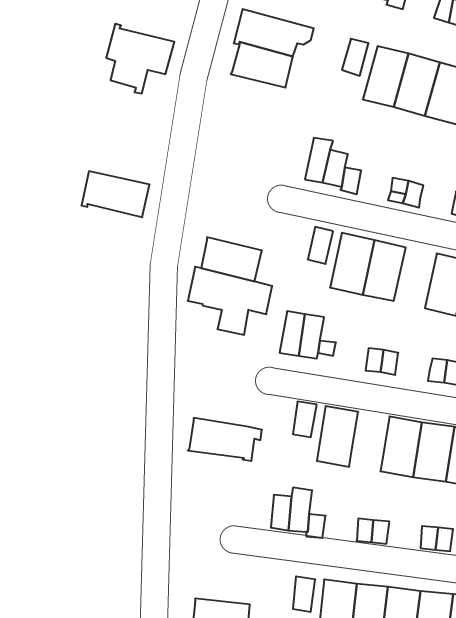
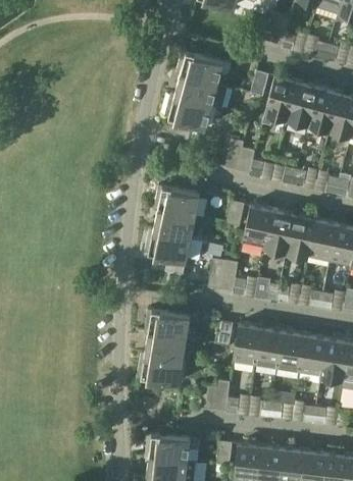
building: [106,24,174,94] -> [166,94,213,142]
building: [81,171,150,217] -> [155,186,202,218]
building: none -> [288,216,317,258]
building: none -> [146,311,192,339]
building: none -> [257,329,285,370]
building: none -> [139,354,185,384]
building: none -> [146,435,202,463]

